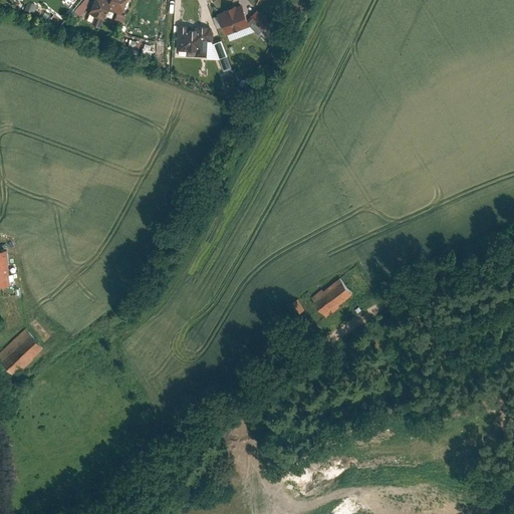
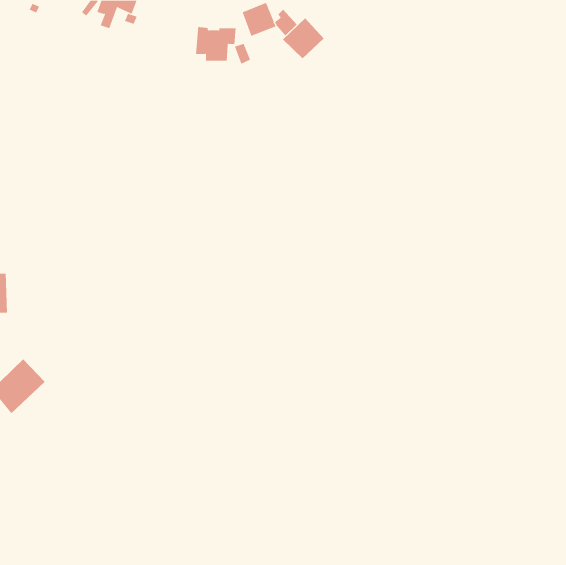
building: none -> [282,18,325,59]
building: [308,277,349,318] -> none

